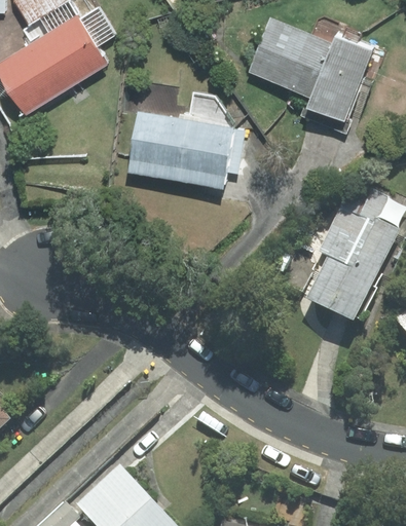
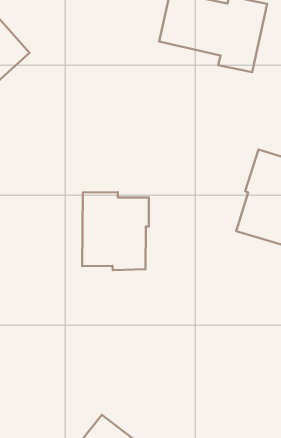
building: [127,96,244,188] -> none
building: none -> [82,192,149,270]

